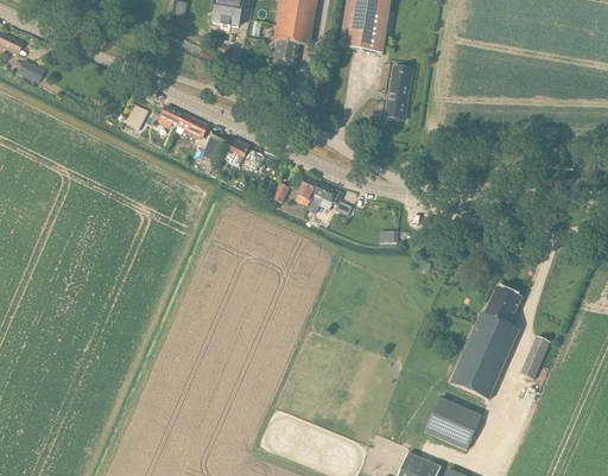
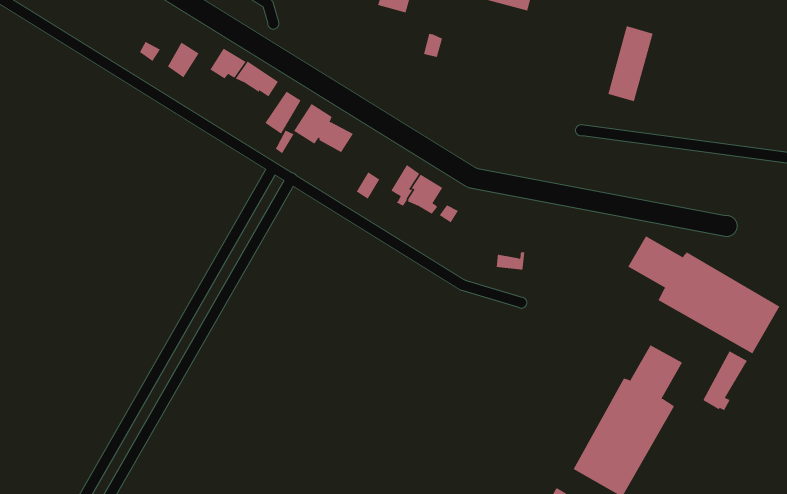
building: [385,64,413,119] -> [608,26,653,102]
building: none -> [628,236,780,354]
building: [520,335,550,379] -> [703,351,748,411]

